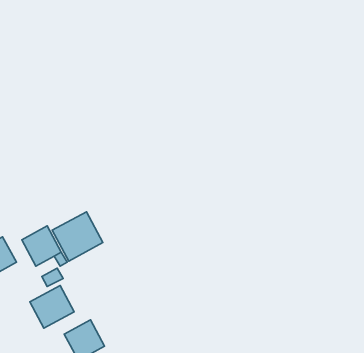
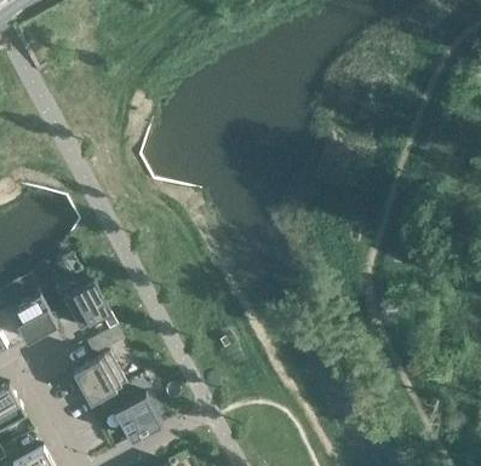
building: [52,212,103,261] -> none

